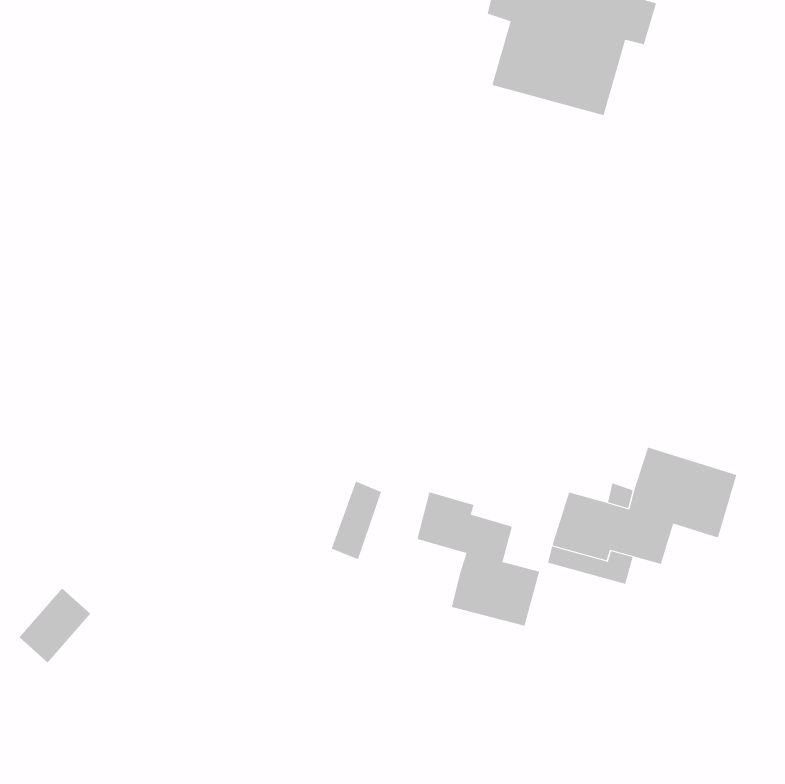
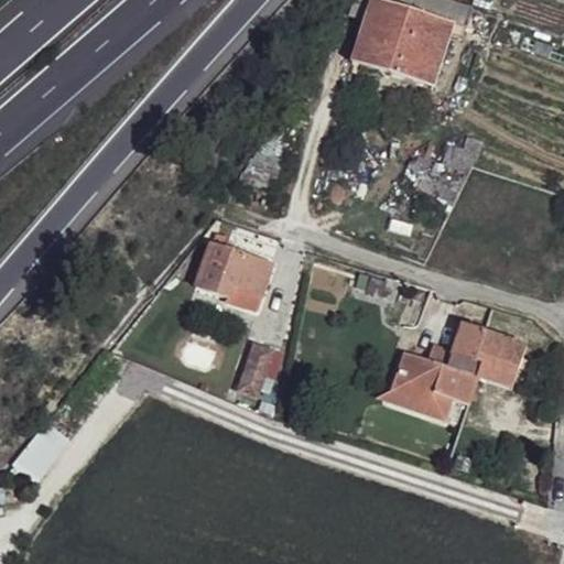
building: none -> [196,243,271,300]
building: [417,492,540,626] -> none

